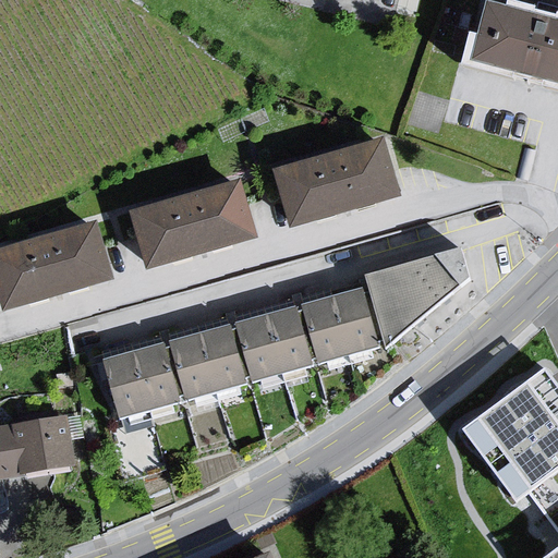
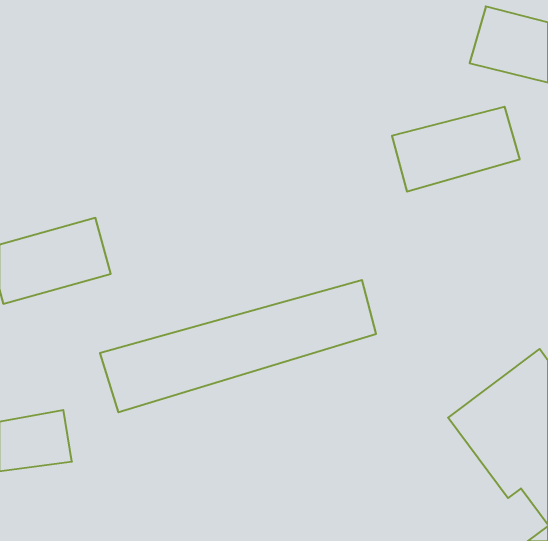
building: [275,137,404,223] -> [392,107,520,192]
building: [132,178,258,268] -> none
building: [366,255,462,348] -> none

